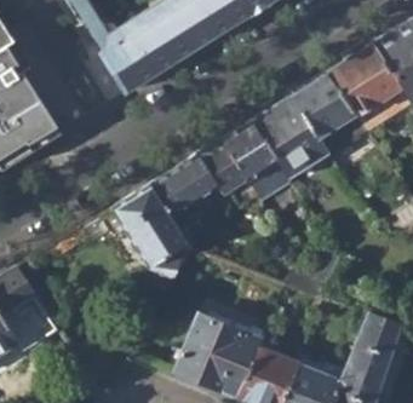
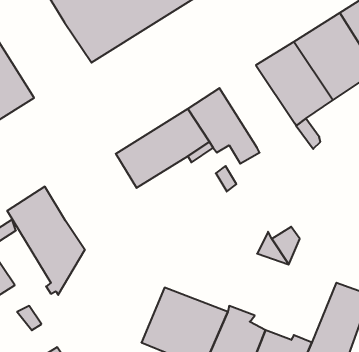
building: [253,94,328,177] -> none
building: [113,183,190,290] -> [7,187,85,295]

